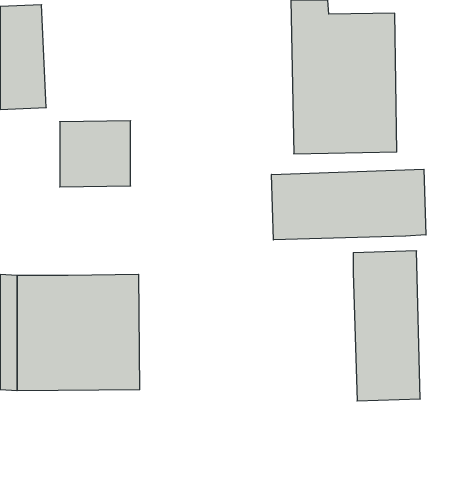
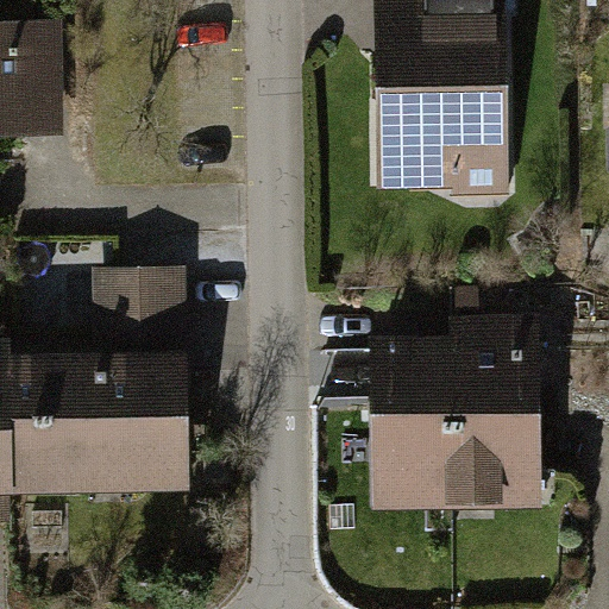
building: [60,121,131,187] -> [94,264,183,347]
building: [272,169,426,240] -> none
building: none -> [370,344,458,508]

